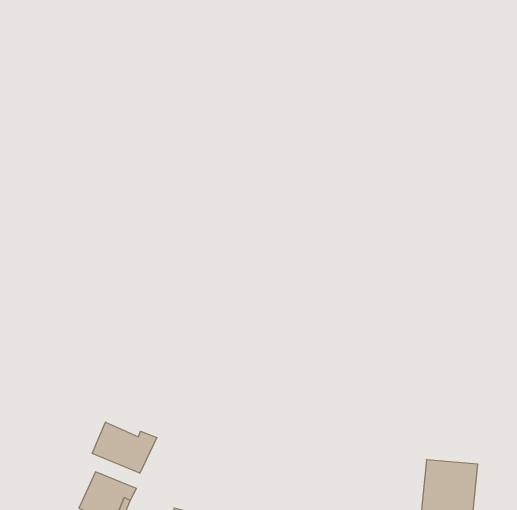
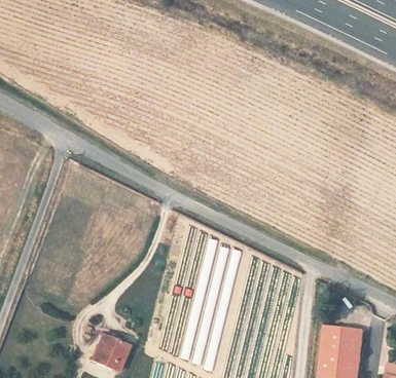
building: [92,422,157,473] -> none

